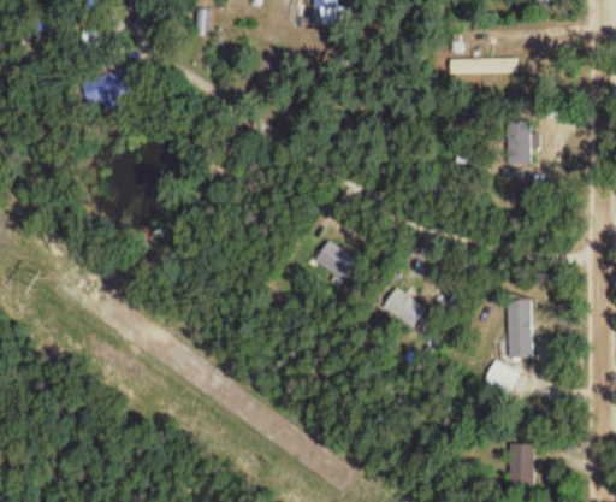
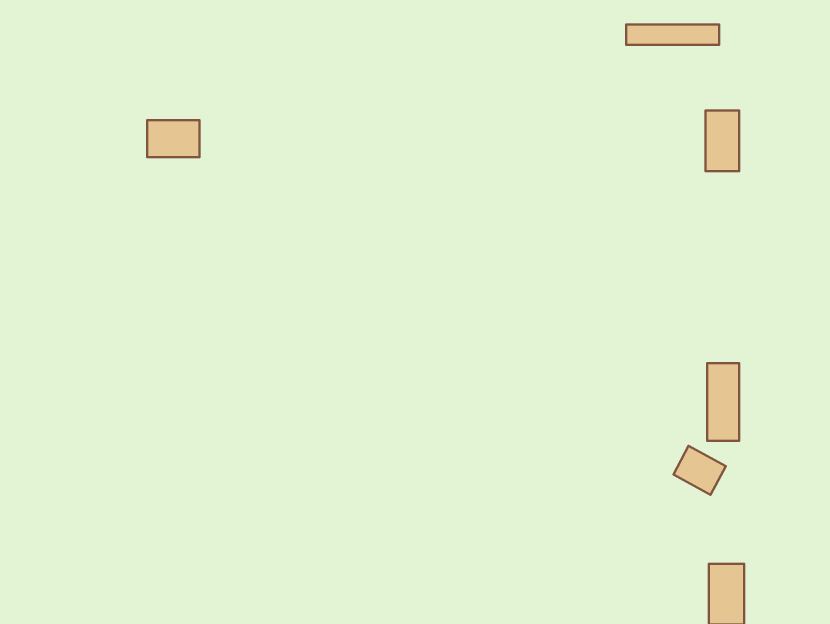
building: [87,76,124,102] -> [147,120,199,157]
building: [315,241,357,279] -> none
building: [383,287,426,327] -> none

